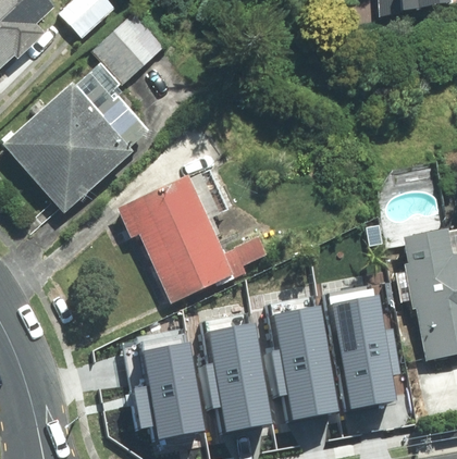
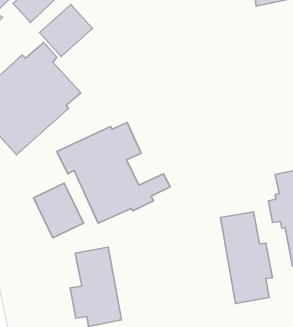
building: none -> [34,183,83,238]
building: [270,297,336,419] -> none
building: [205,315,271,430] -> none

